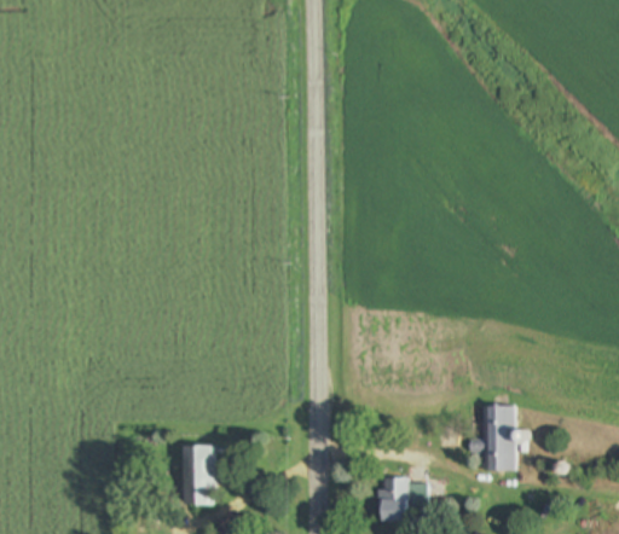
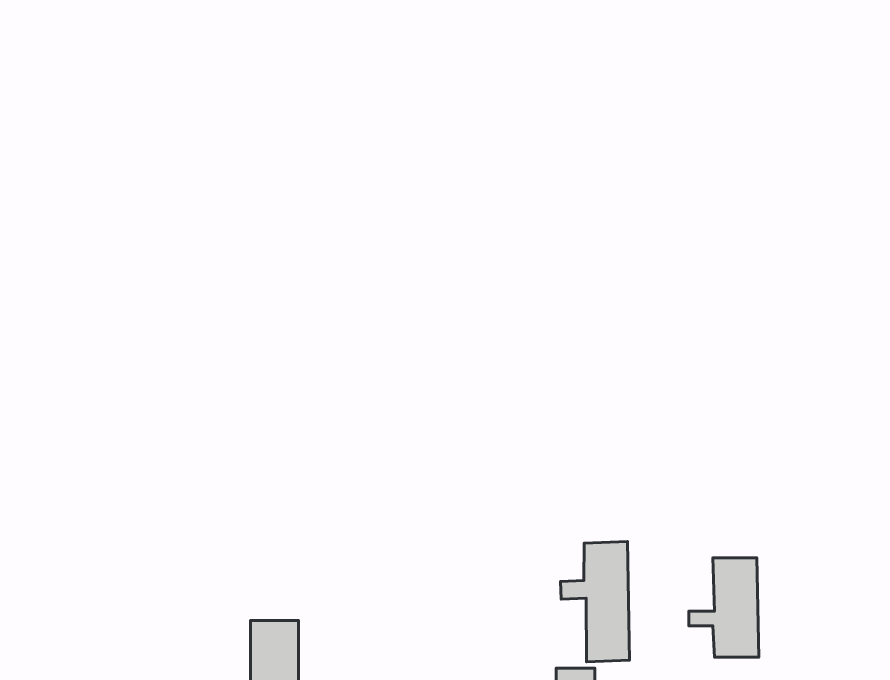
building: none -> [560,542,630,662]

